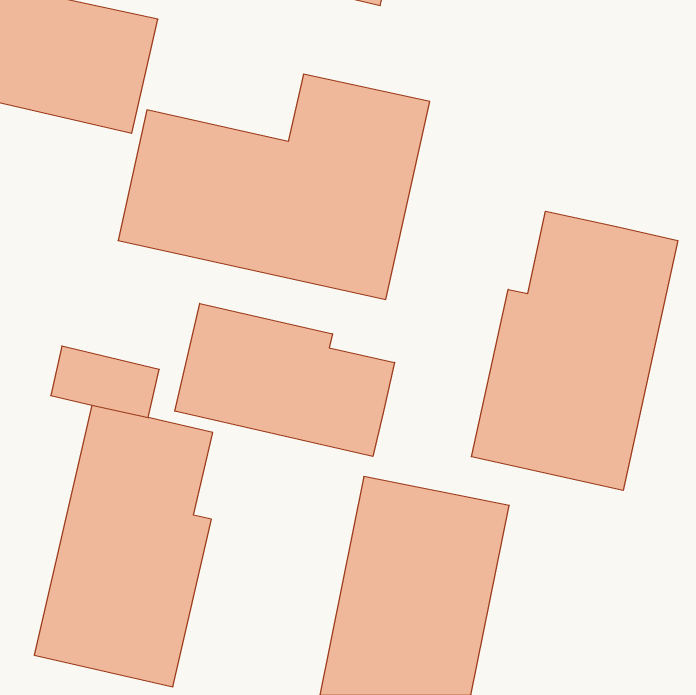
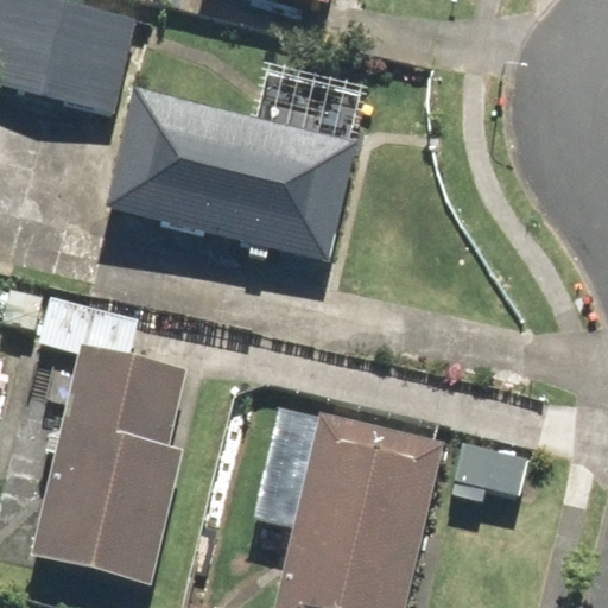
building: [471,211,678,490] -> none
building: [175,303,395,456] -> none

